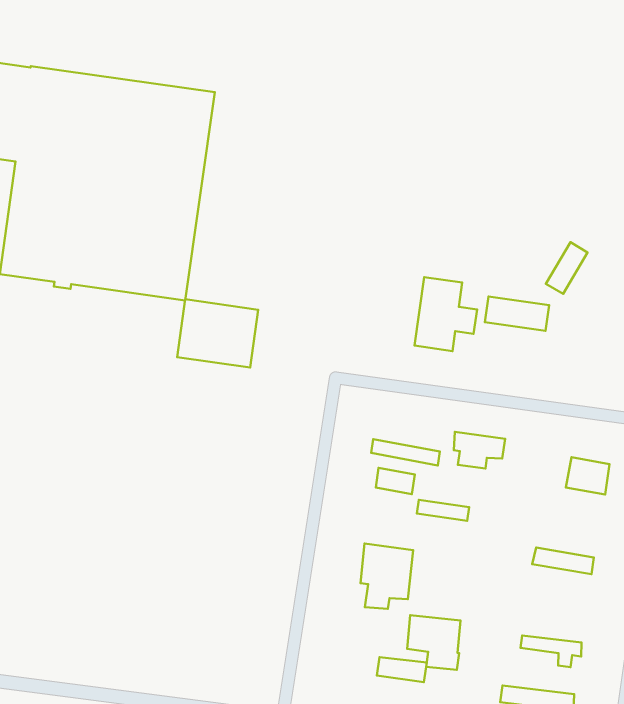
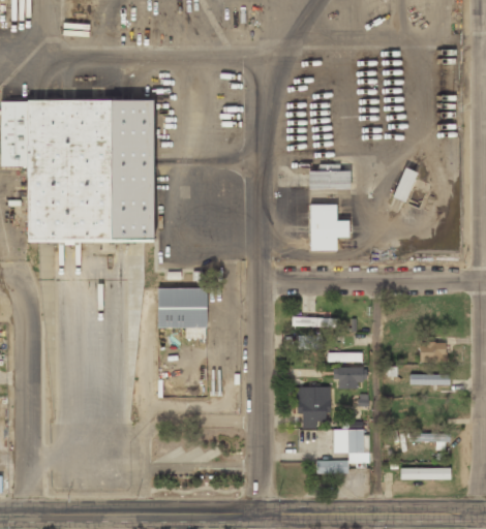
building: [485,296,549,331] -> [308,170,350,188]
building: [177,299,258,368] -> [157,287,207,326]
building: [454,432,505,469] -> [333,367,367,388]
building: [566,457,609,495] -> [419,341,446,363]

